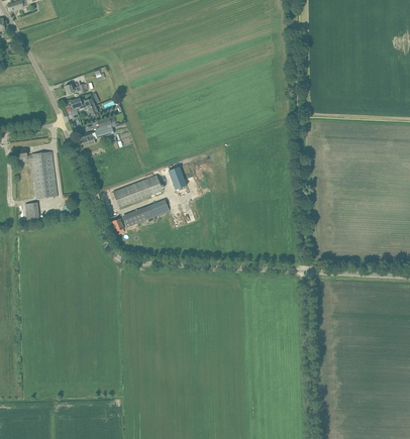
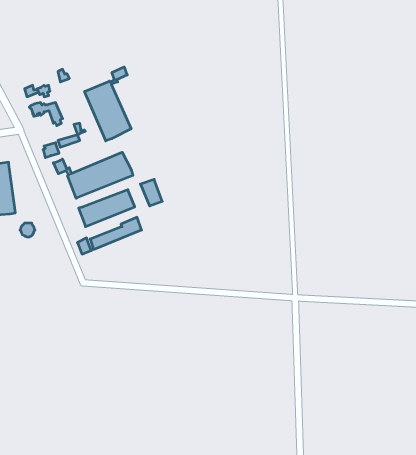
building: none -> [85,67,131,141]
building: none -> [53,152,133,198]

